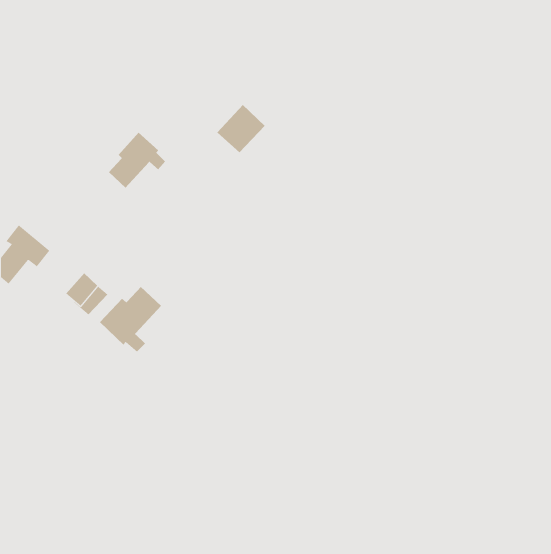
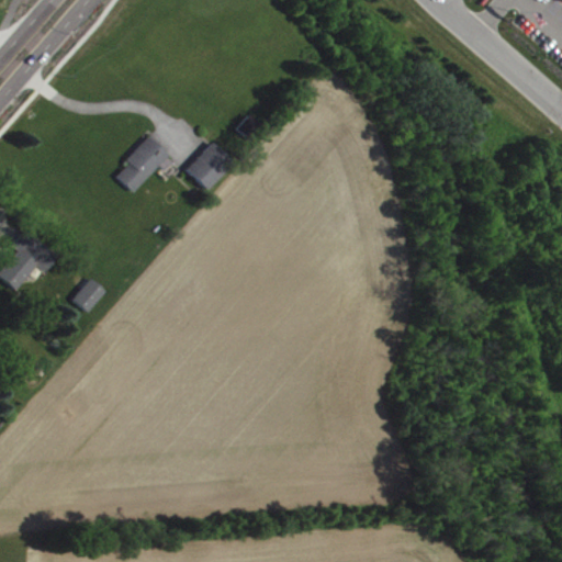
building: [217,104,266,153] -> [183,140,233,190]
building: [99,286,162,353] -> none

